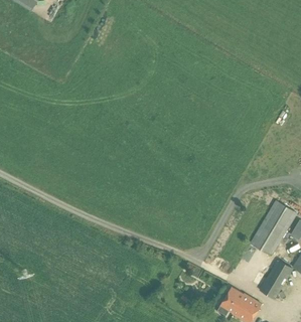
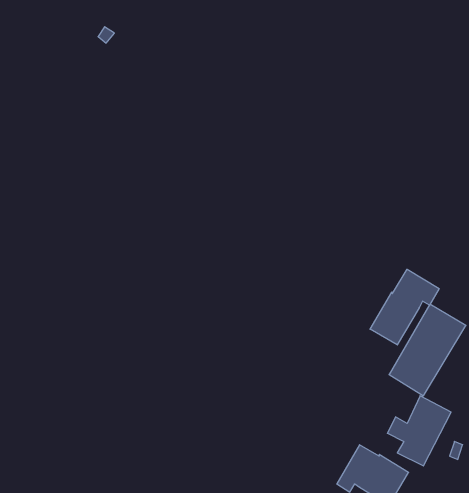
building: none -> [370,269,439,345]

